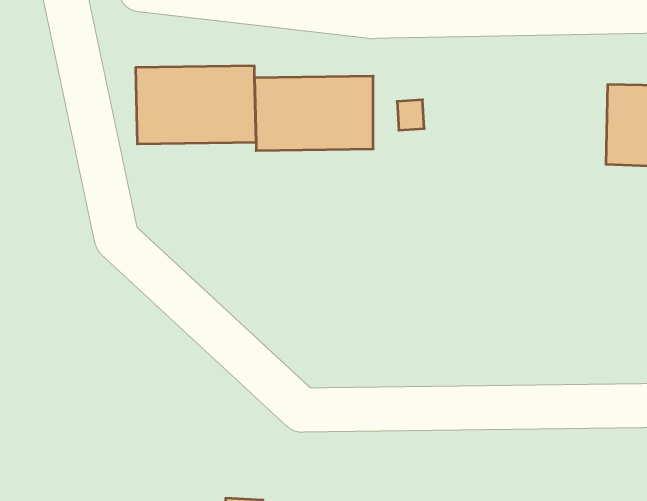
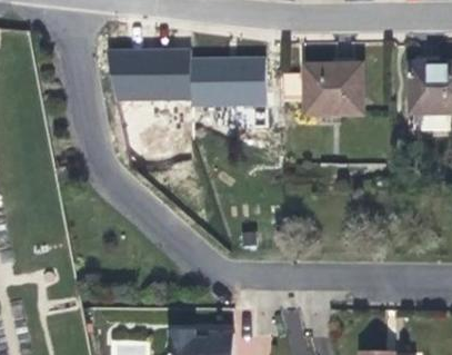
building: none -> [314,58,371,111]

